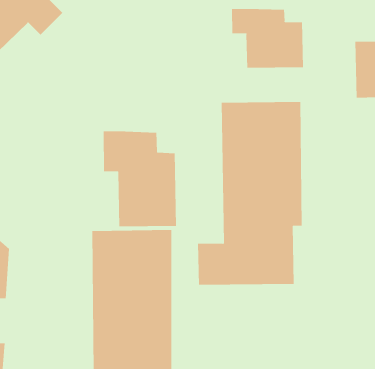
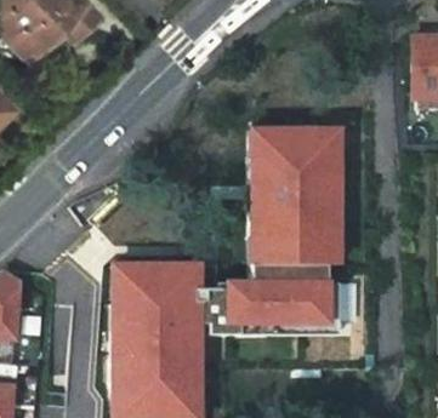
building: [232,8,304,68] -> none
building: [103,131,177,227] -> none

